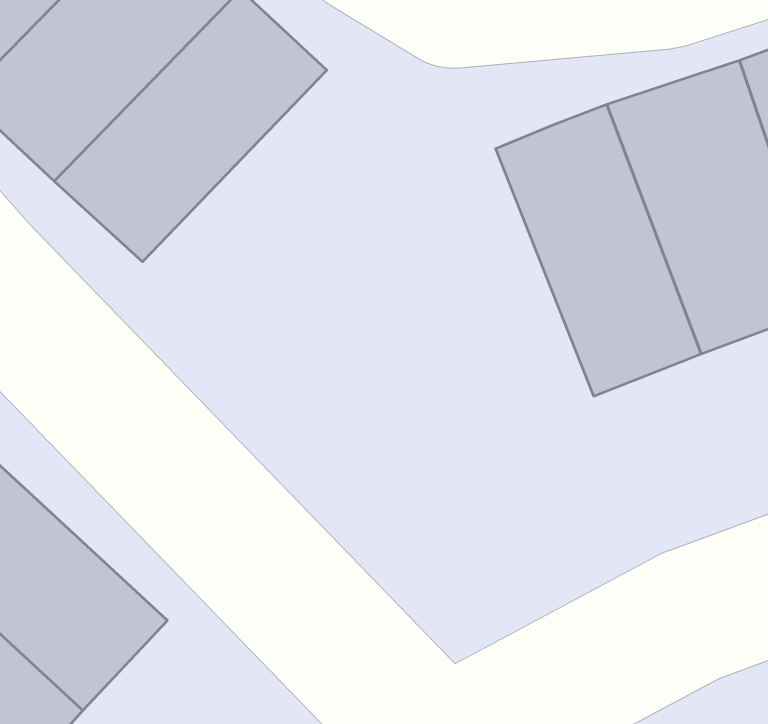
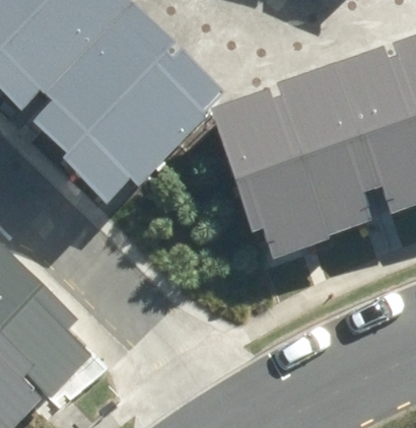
building: none -> [79,56,218,197]
building: none -> [212,97,318,248]

